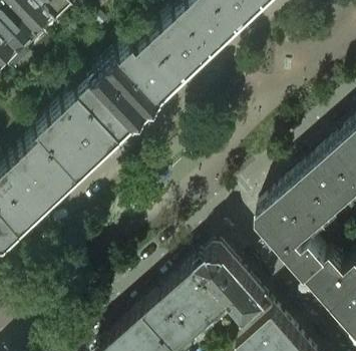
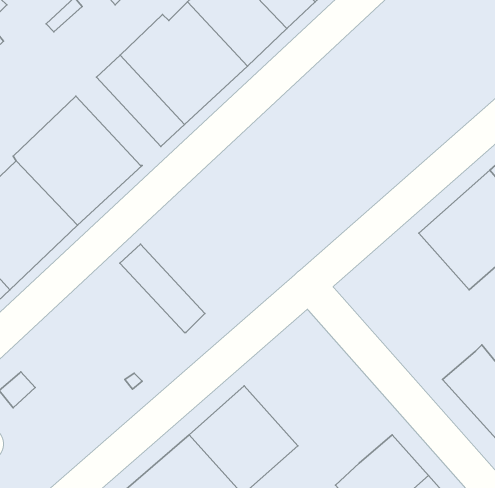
building: [72,85,126,141] -> [120,244,205,332]
building: [257,185,327,278] -> none
building: [180,252,274,331] -> none

